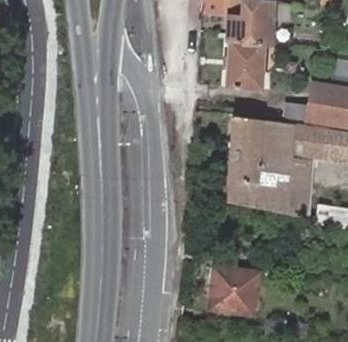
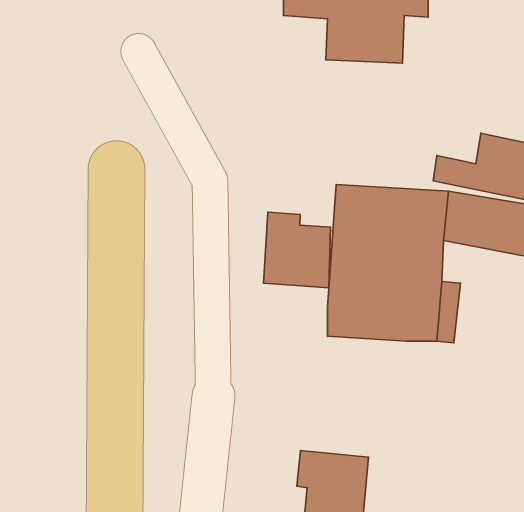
building: [227,41,272,90] -> none
building: none -> [263,212,331,288]

